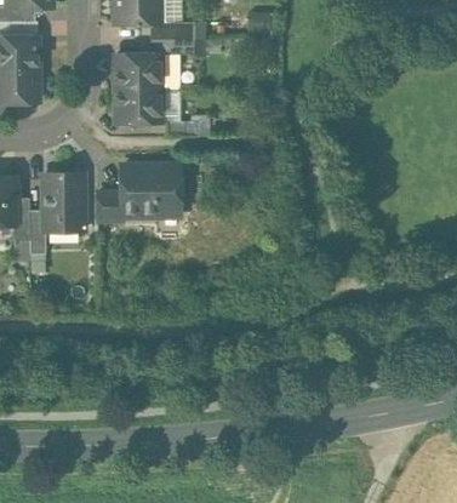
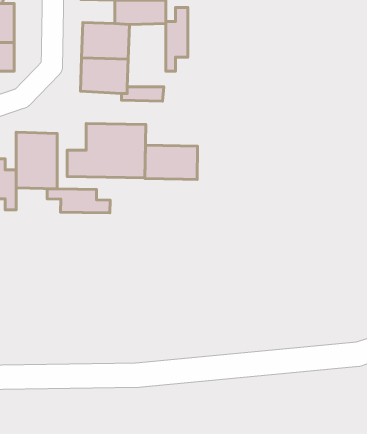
building: none -> [166,8,188,71]
building: none -> [145,145,198,179]
building: none -> [47,189,110,213]

